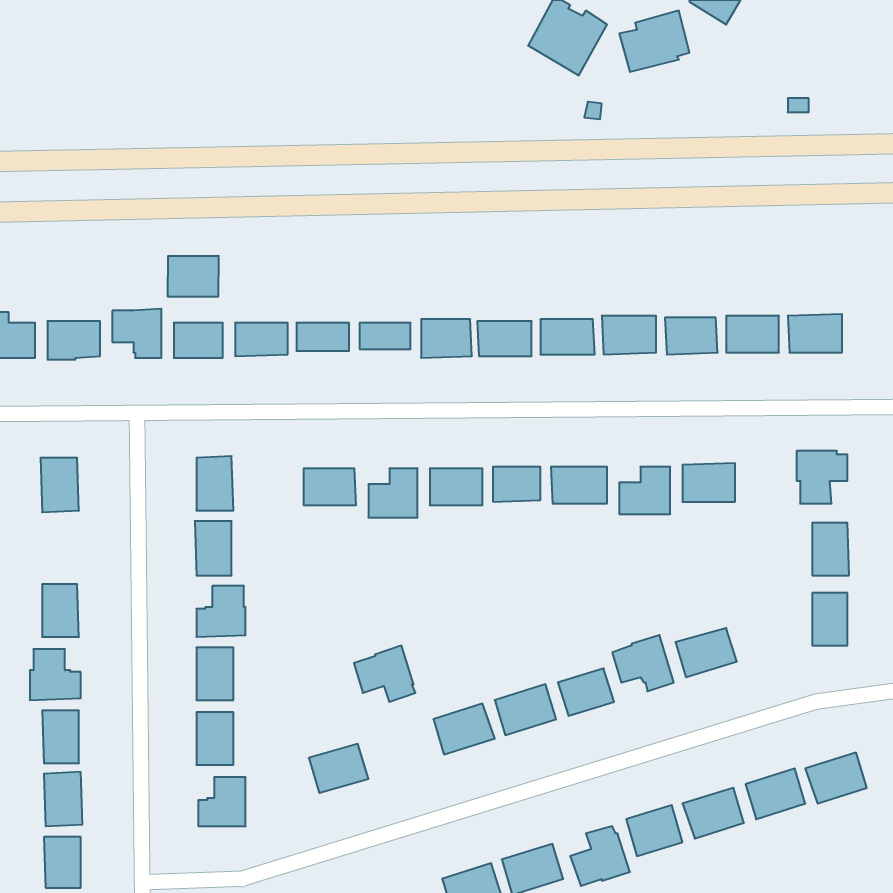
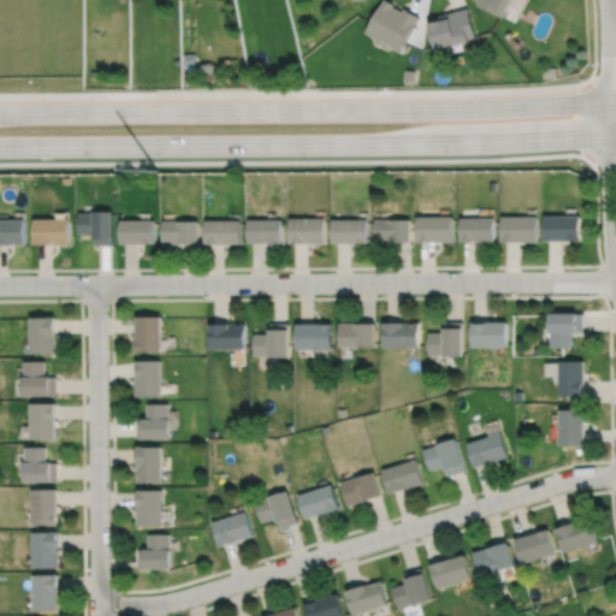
building: [168,256,219,297] -> none
building: none -> [20,361,54,396]
building: [354,646,415,702] -> [254,491,296,529]

